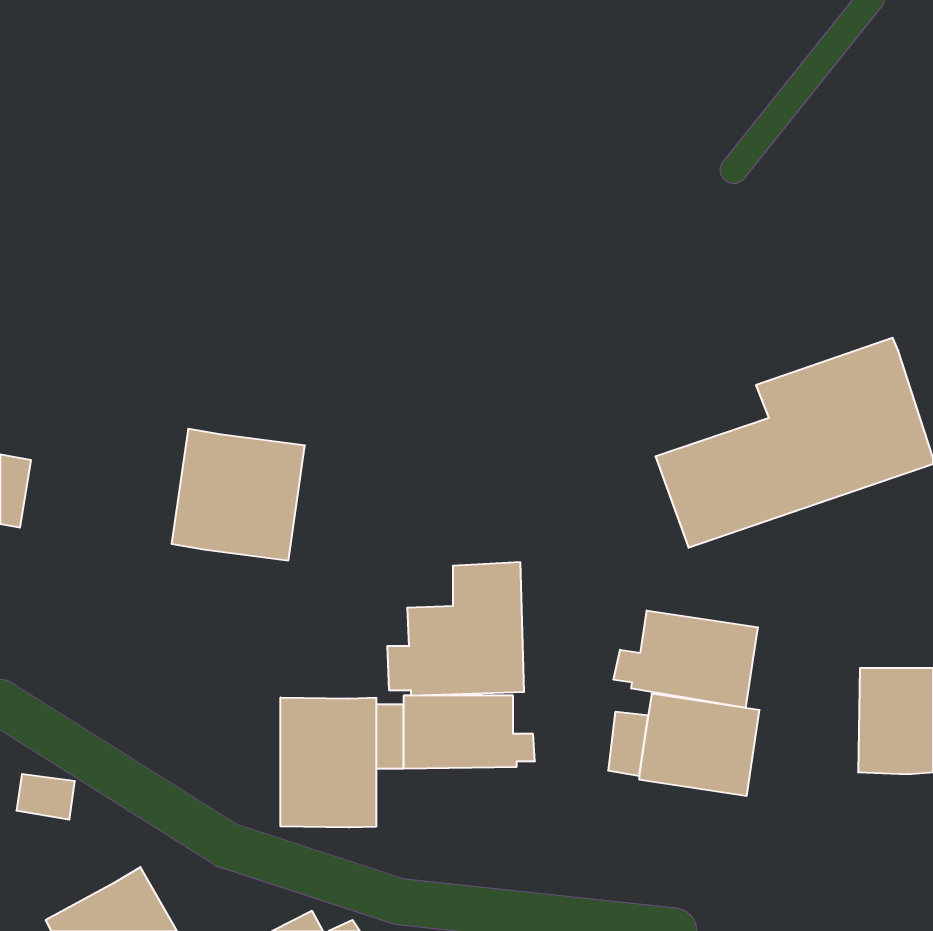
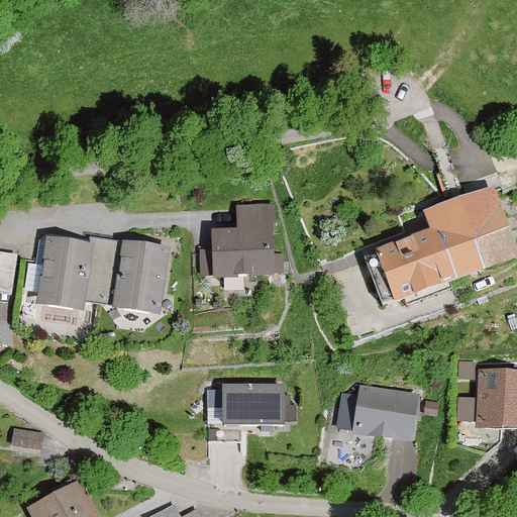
building: none -> [36,234,104,309]
building: [387,562,524,696] -> [200,203,276,277]
building: [614,610,758,708] -> none
building: [281,697,376,828] -> none

